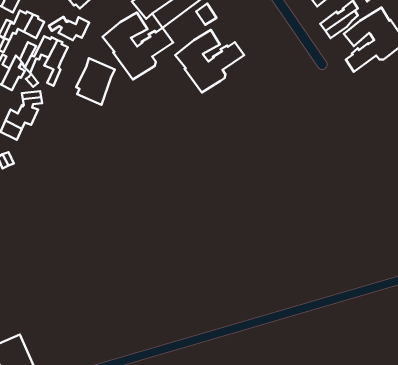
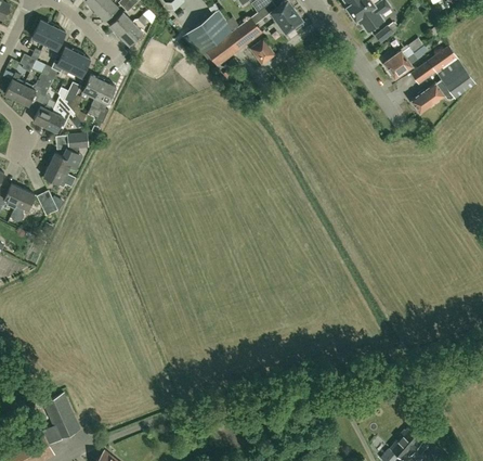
building: [103,13,173,79] -> none
building: [49,17,89,40] -> none
building: [175,30,244,93] -> none
building: [76,58,115,105] -> none

